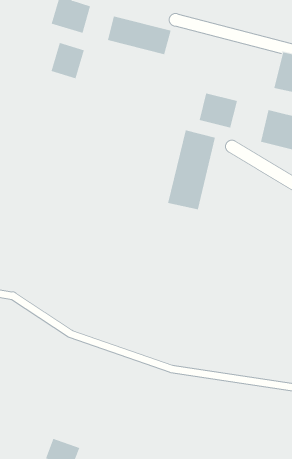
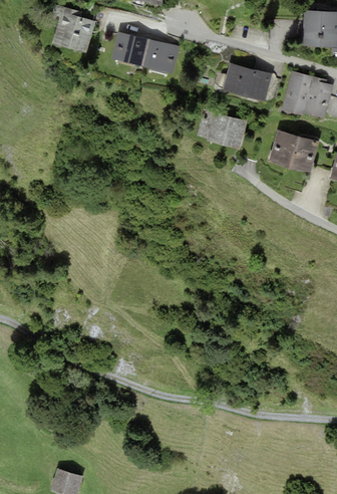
building: [51,42,85,79] -> none
building: none -> [223,62,272,101]
building: [167,130,216,210] -> none

